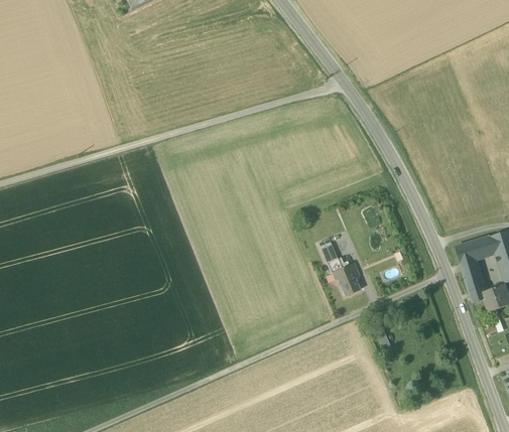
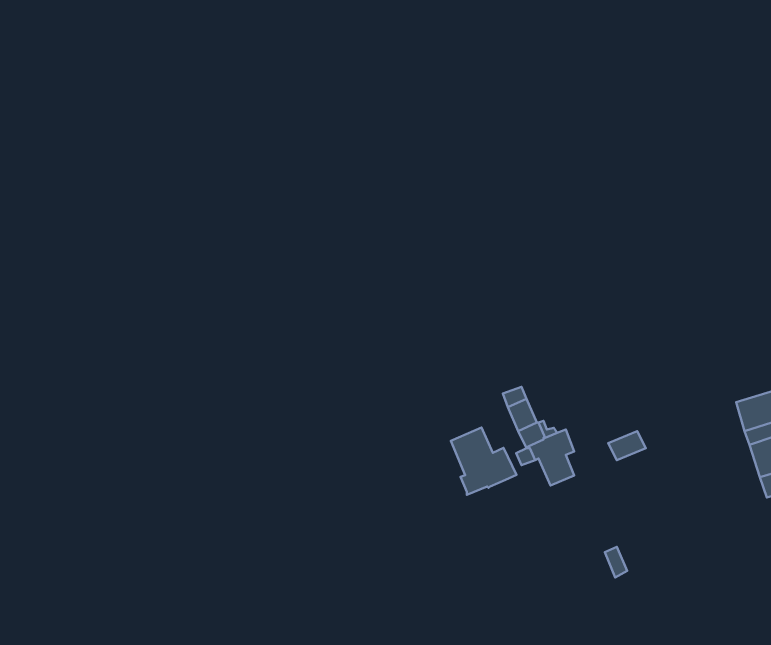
building: none -> [451,427,516,495]

